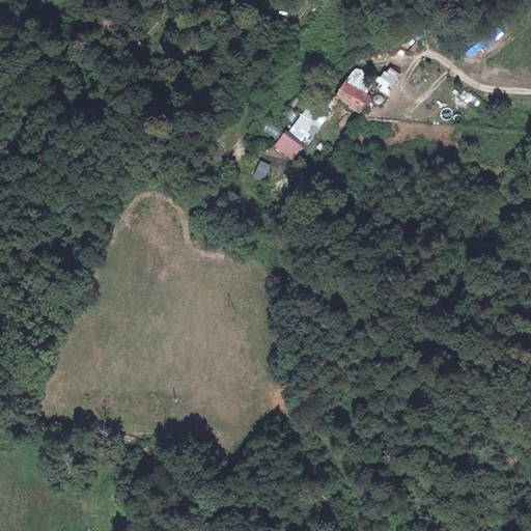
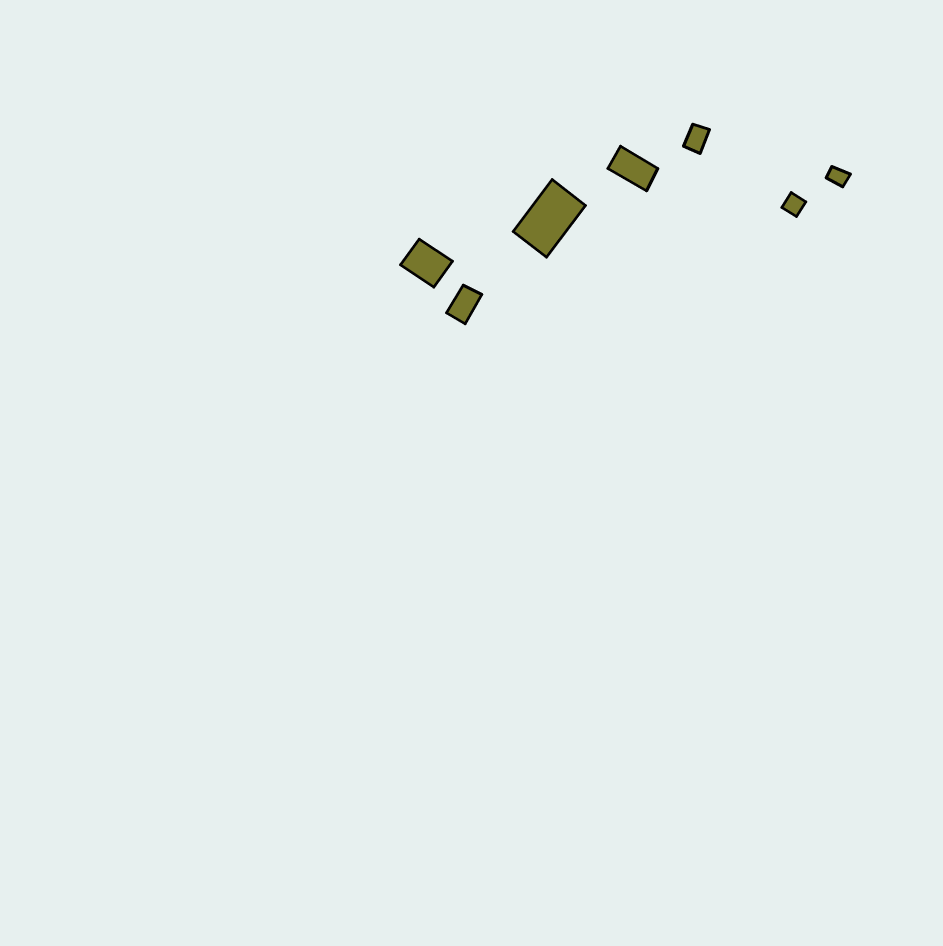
building: [272,132,301,159] -> [401,239,452,287]

